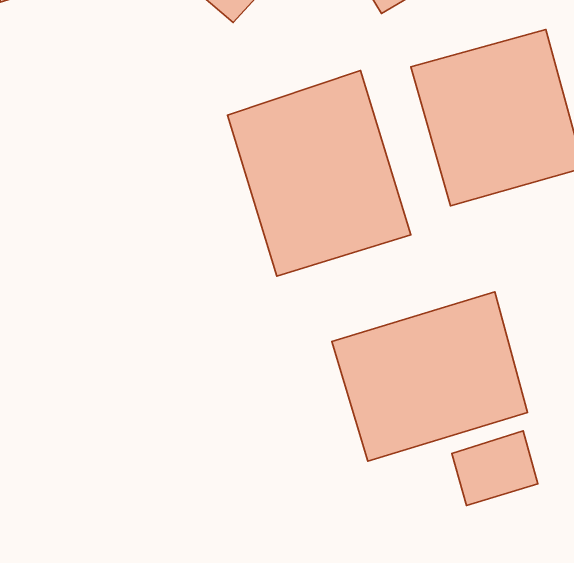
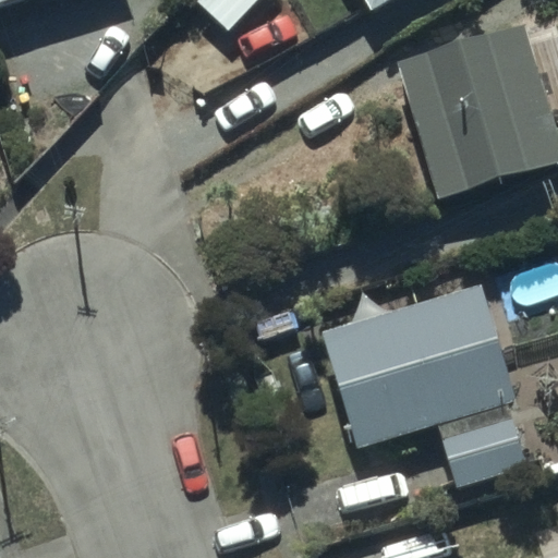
building: [228,70,411,276] -> none

